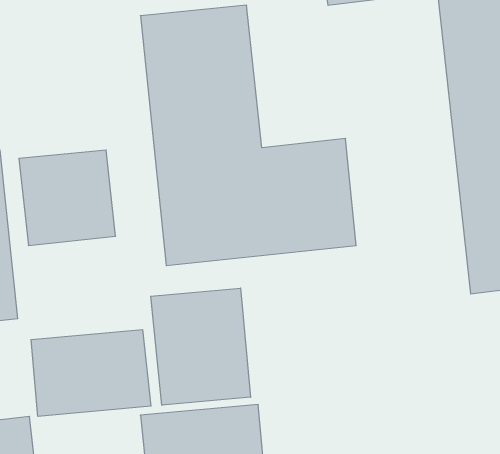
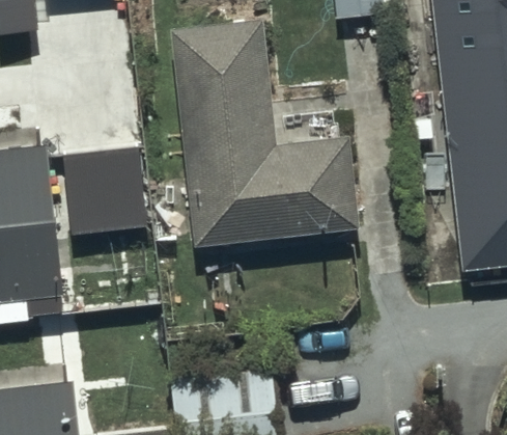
building: [151,288,251,405] -> none
building: [31,330,151,416] -> none

